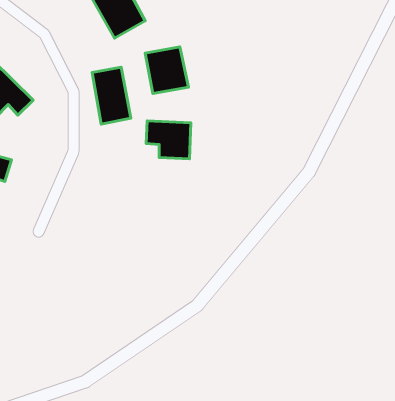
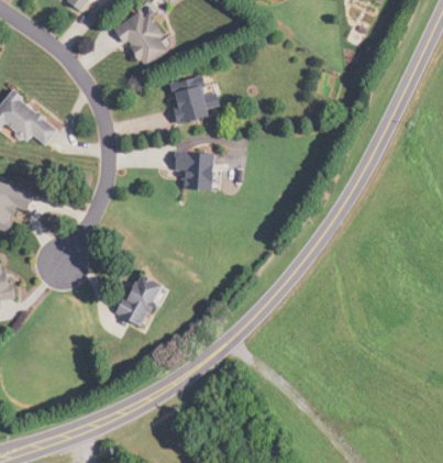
building: [92,67,131,124] -> none
building: none -> [115,271,167,327]

